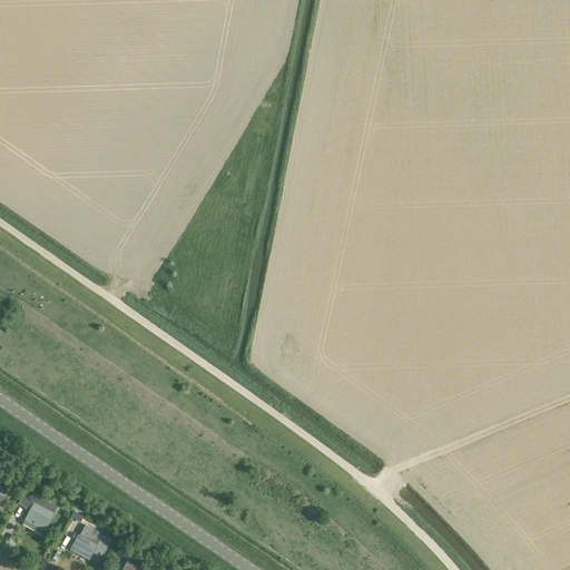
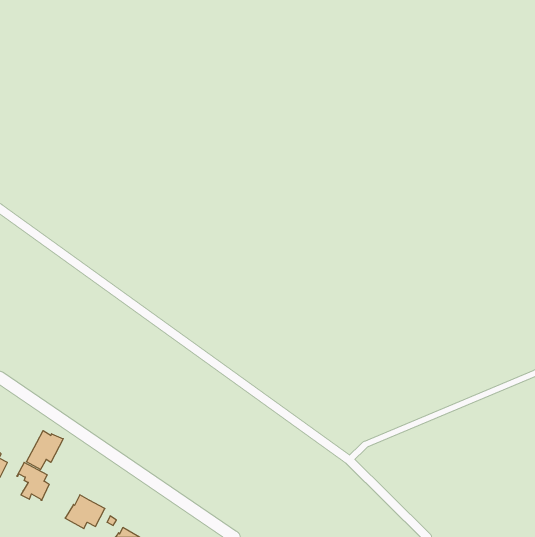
building: none -> [26,431,63,470]

